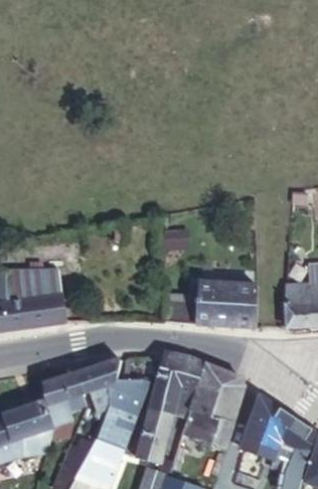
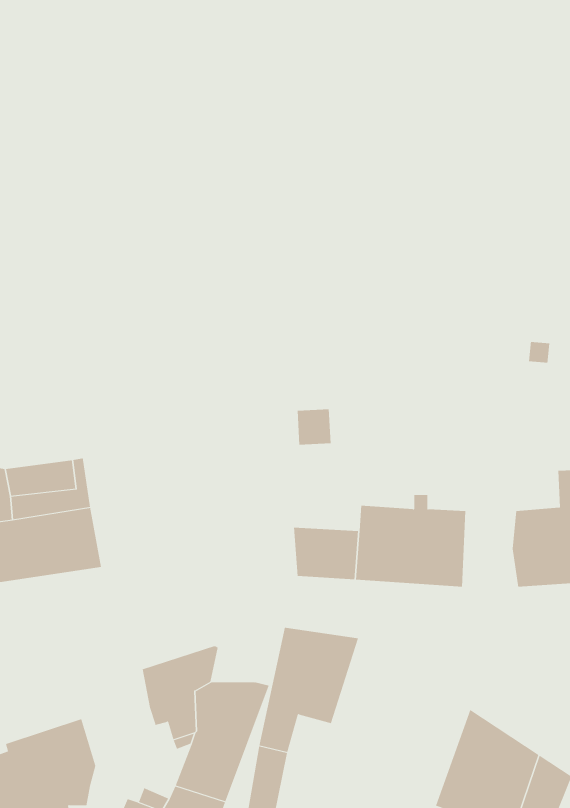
building: [175,357,244,447] -> none
building: [45,374,84,439] -> none

